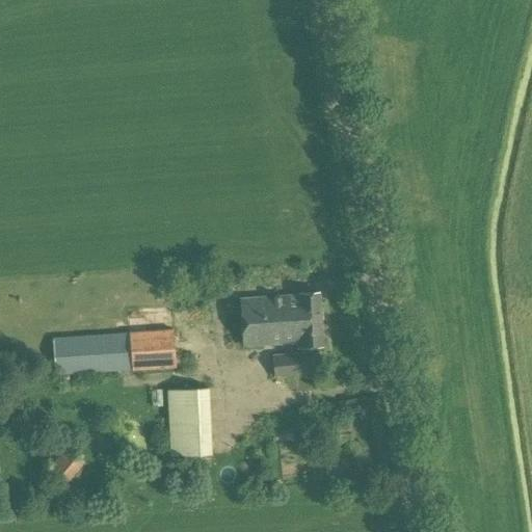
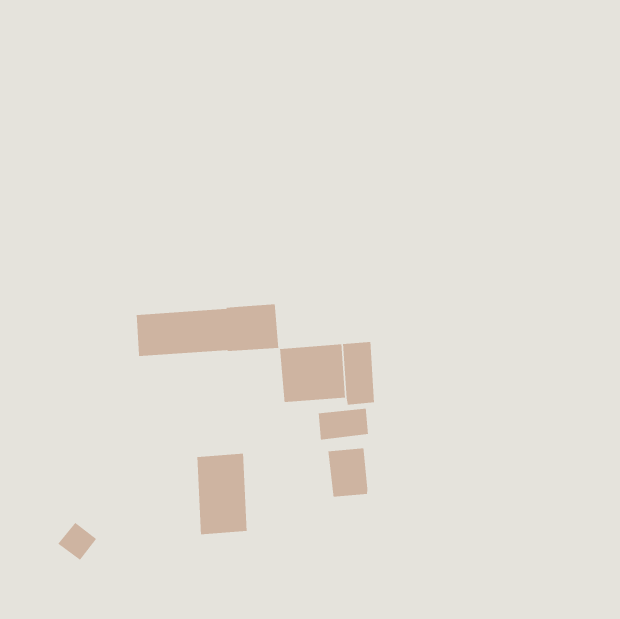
building: [53,328,176,374] -> [136,303,279,357]
building: none -> [327,448,368,498]

